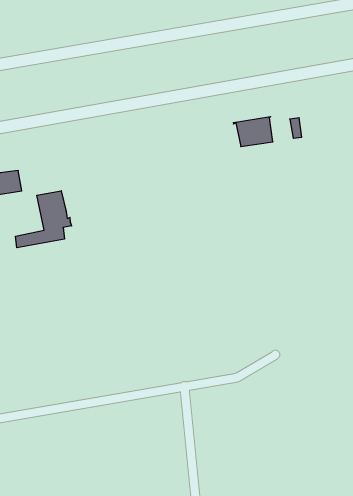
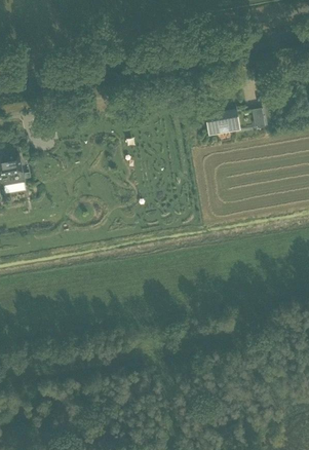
building: [16,191,72,248] -> none

